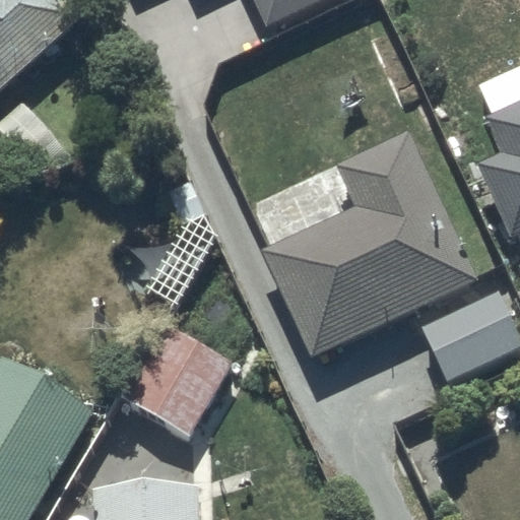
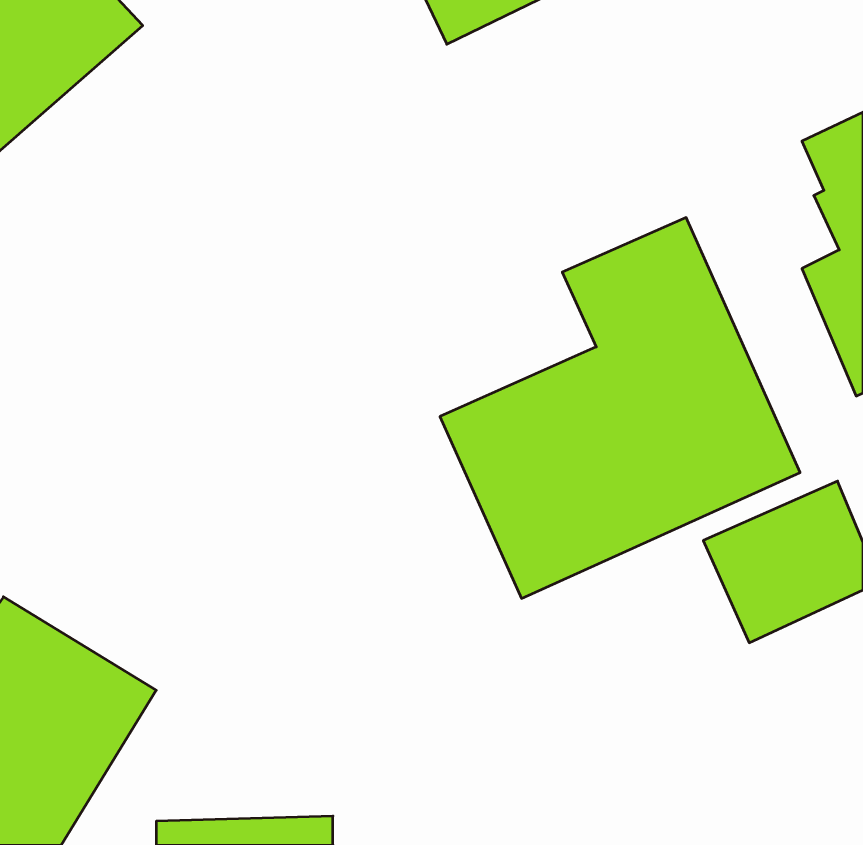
building: [123,322,231,434] -> none

